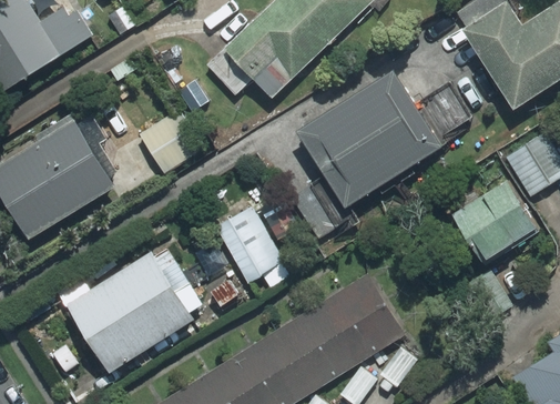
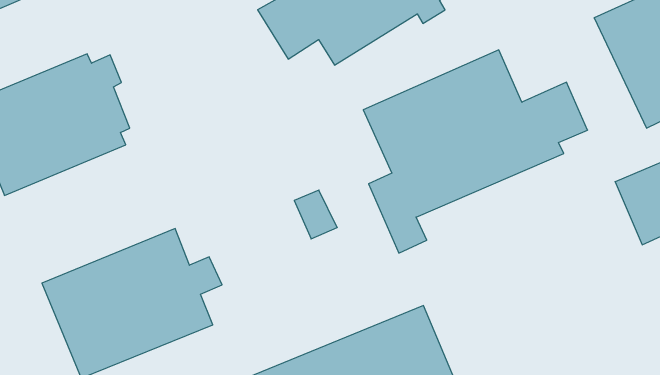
building: [136,111,198,173] -> none
building: [448,178,539,256] -> none
building: [213,209,286,286] -> none

